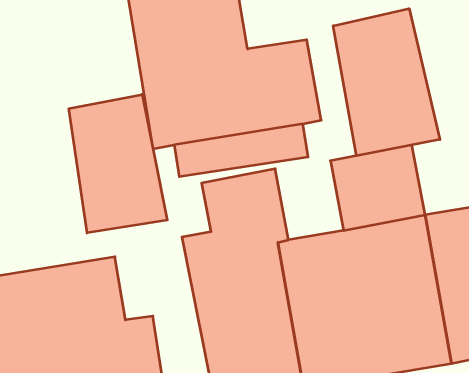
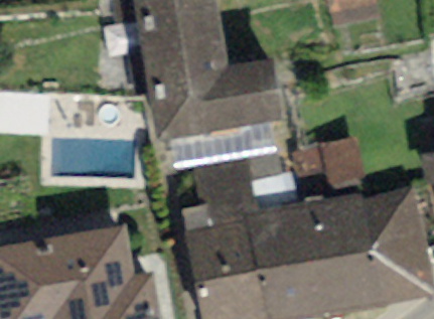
building: [333,9,440,156] -> none
building: [69,94,167,233] -> none

